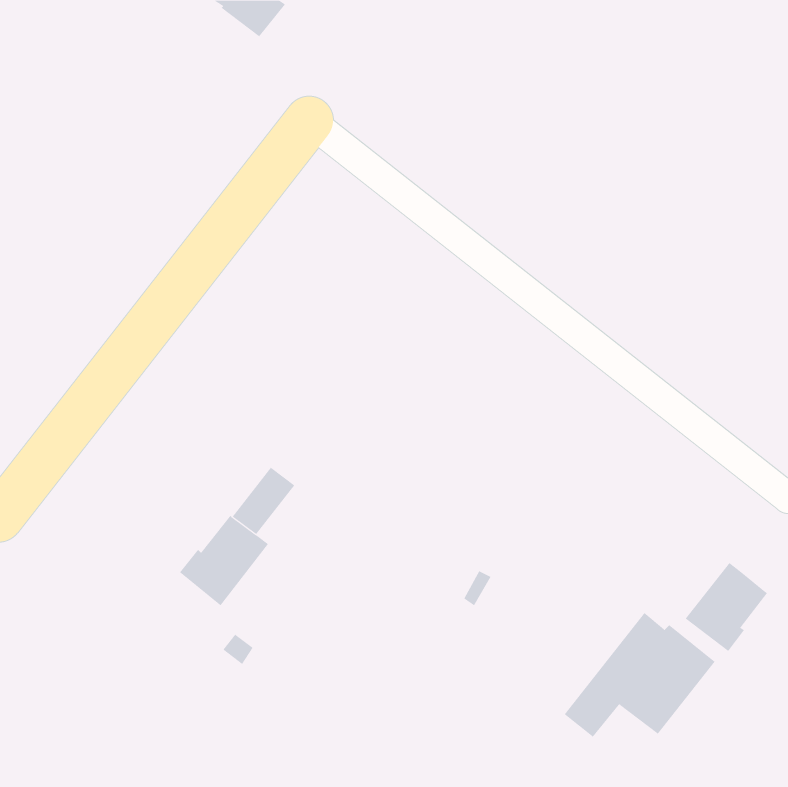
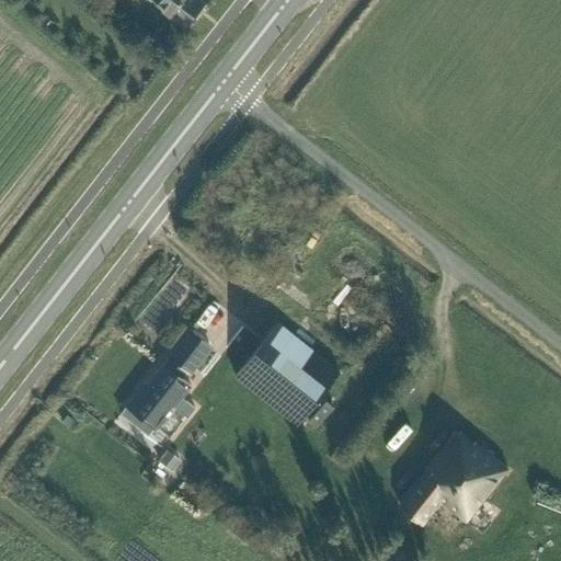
building: none -> [234,324,339,426]
building: [685,562,768,652] -> none

